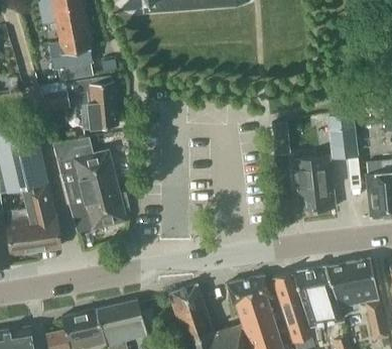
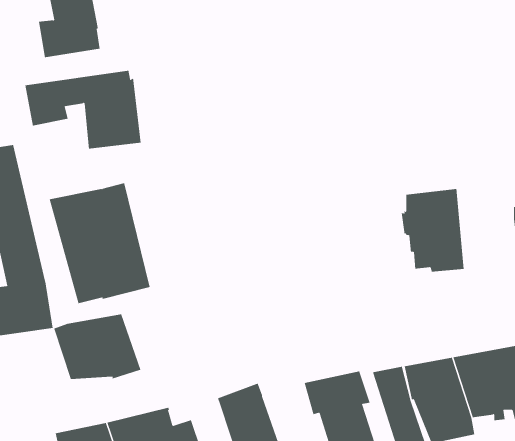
building: [328,110,358,158] -> none
building: [52,135,93,161] -> none
building: none -> [53,314,141,380]

